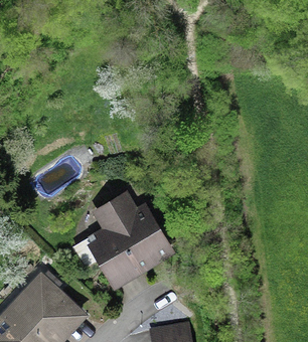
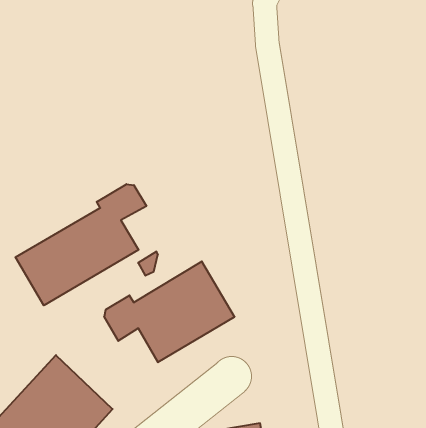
building: none -> [15,184,146,305]

